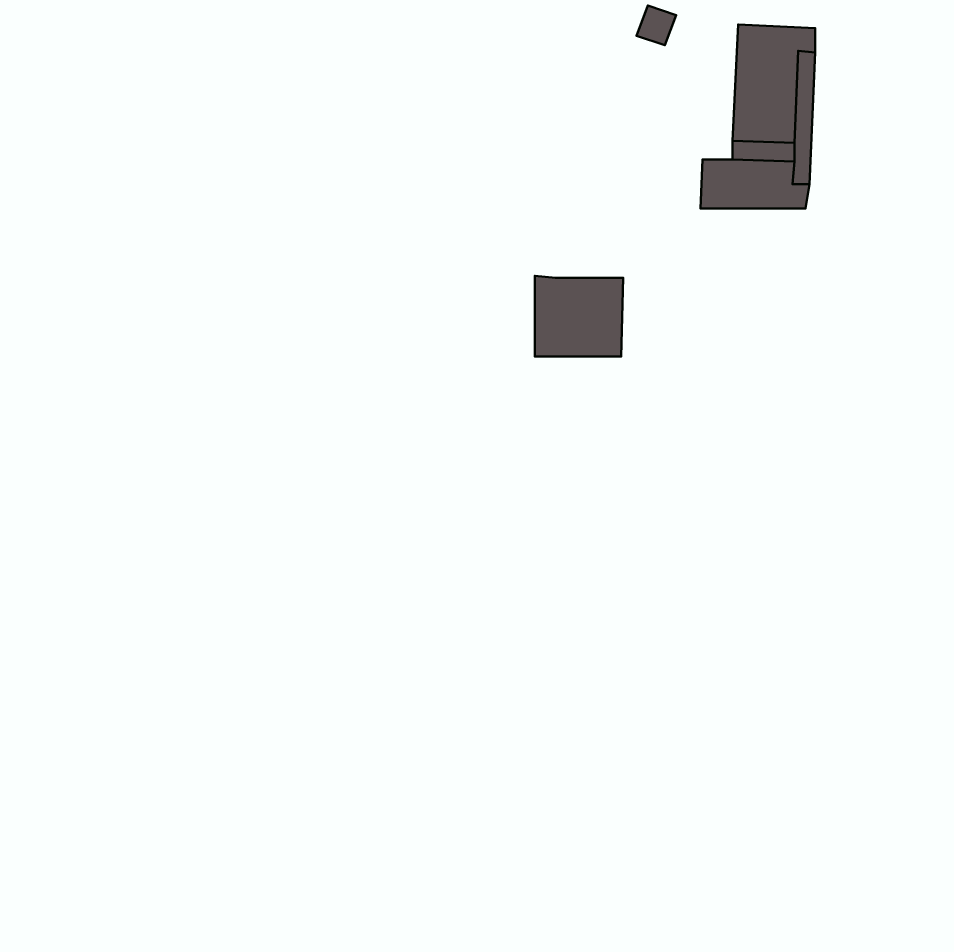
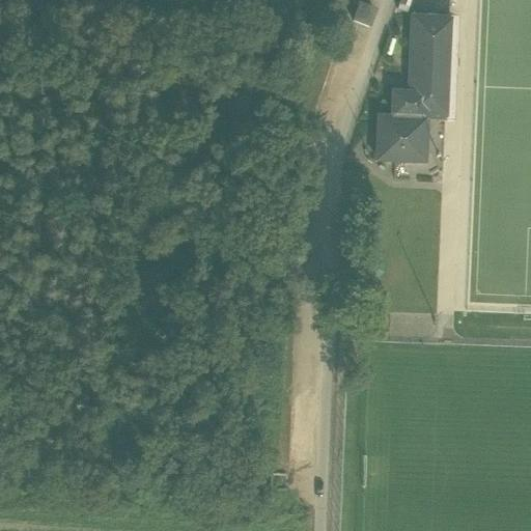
building: [535,276,623,357] -> [379,114,427,159]

